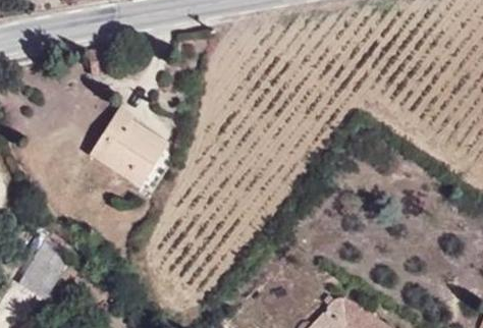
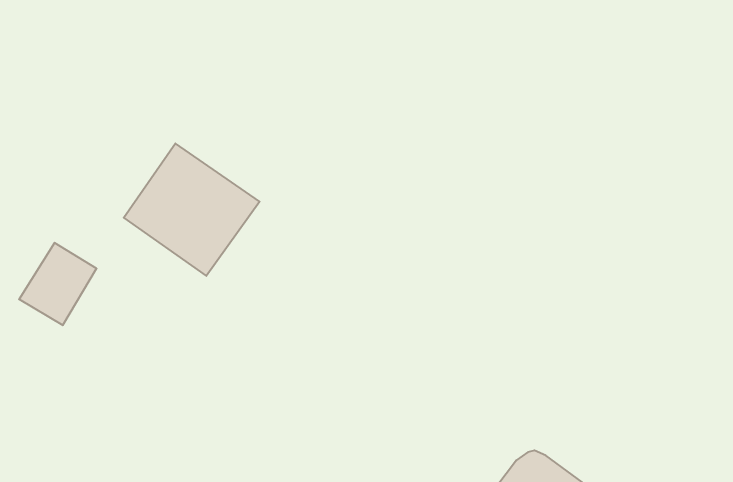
building: [24,244,73,296] -> [19,243,97,325]

